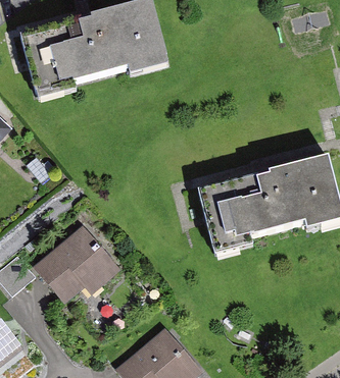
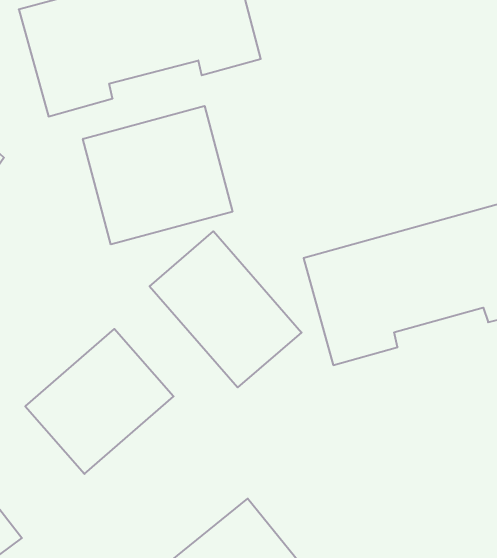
building: none -> [83,106,232,244]
building: none -> [150,231,302,387]

